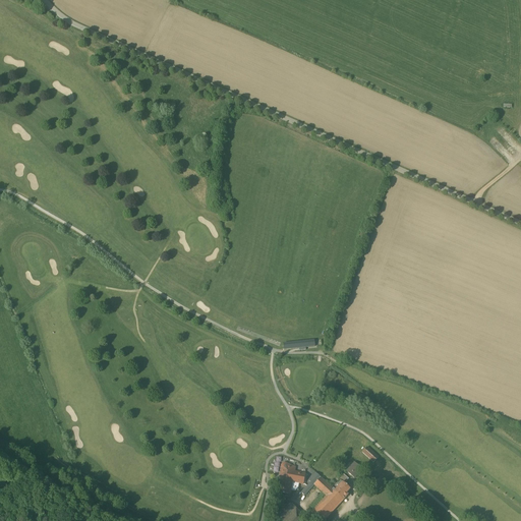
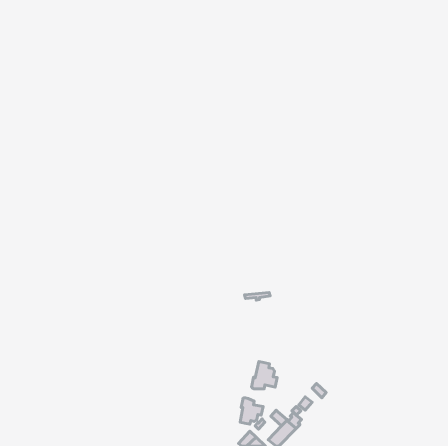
building: none -> [252,362,277,389]

